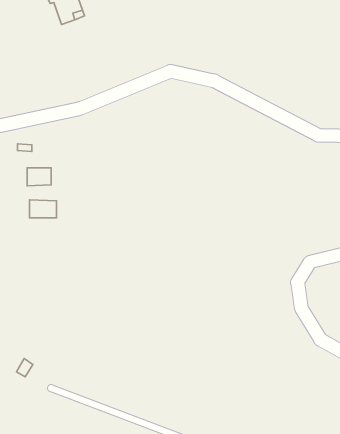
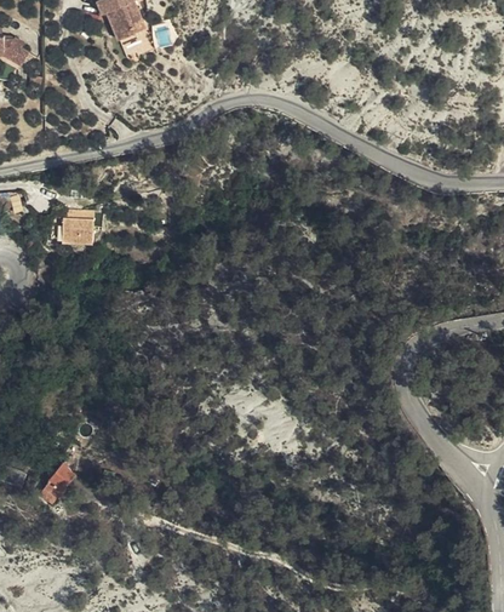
building: [30,200,57,218] -> none

